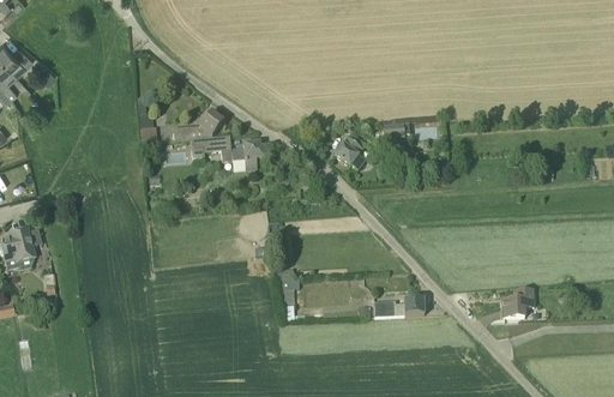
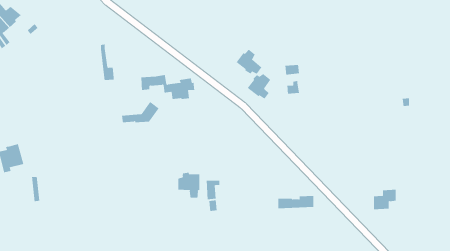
building: none -> [236,49,262,74]
building: [173,110,224,139] -> [121,101,160,123]
building: none -> [178,172,200,198]

